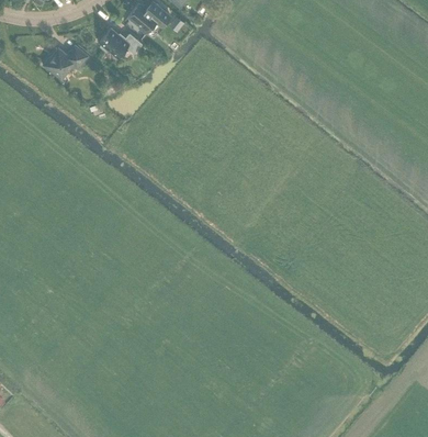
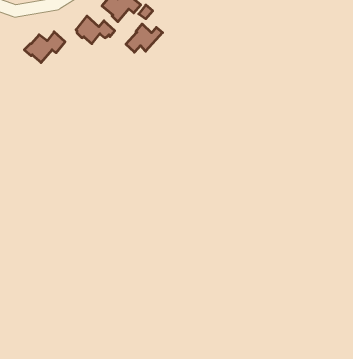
building: none -> [126,24,163,52]

